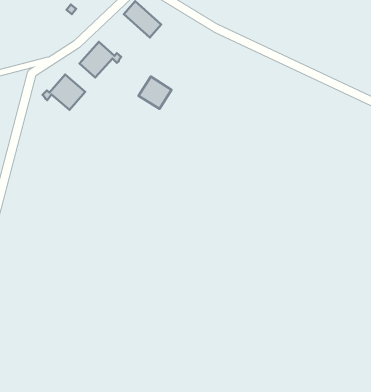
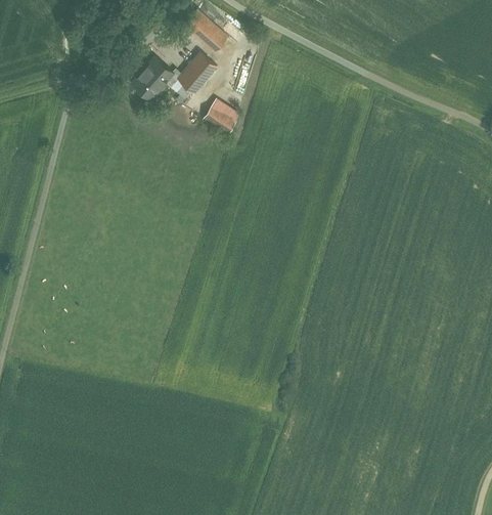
building: none -> [178,52,217,93]
building: [43,75,85,110] -> none

